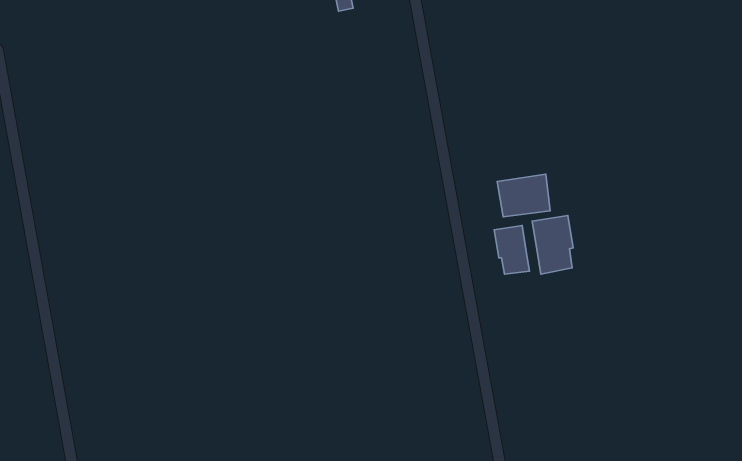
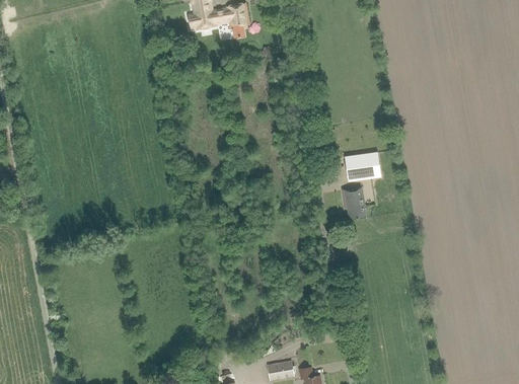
building: [532,215,573,274] -> none

